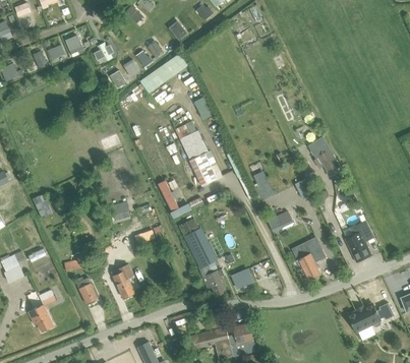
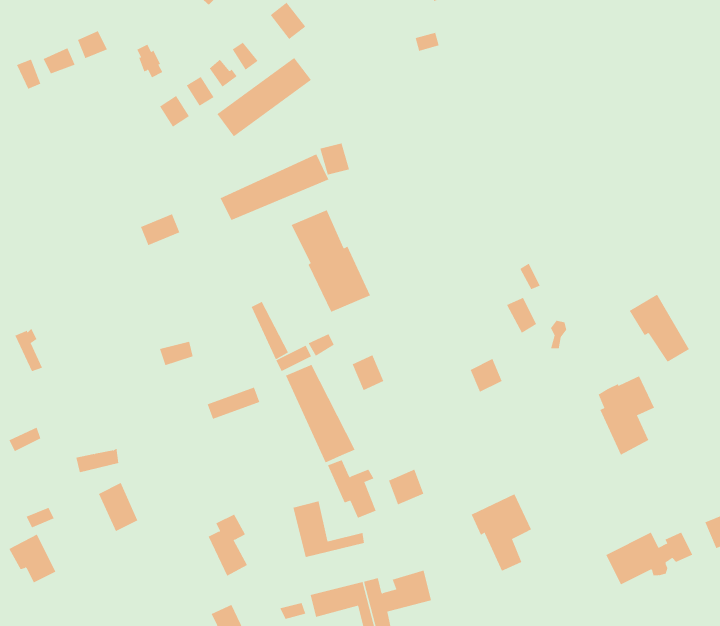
building: none -> [220,153,329,221]
building: [307,136,340,173] -> [629,294,690,362]
building: [293,238,326,280] -> [471,493,532,572]
building: [114,264,135,298] -> [208,514,248,577]
building: none -> [293,501,364,558]

